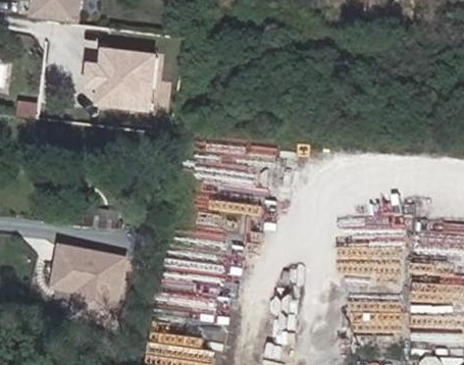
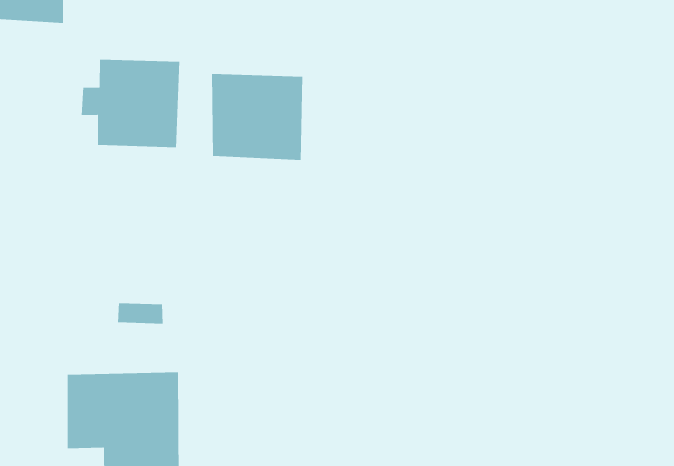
building: none -> [211,73,303,161]

